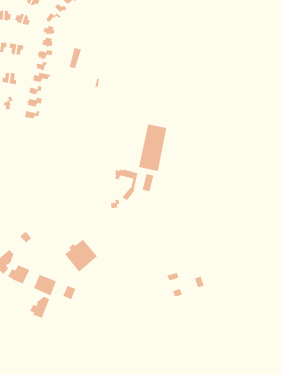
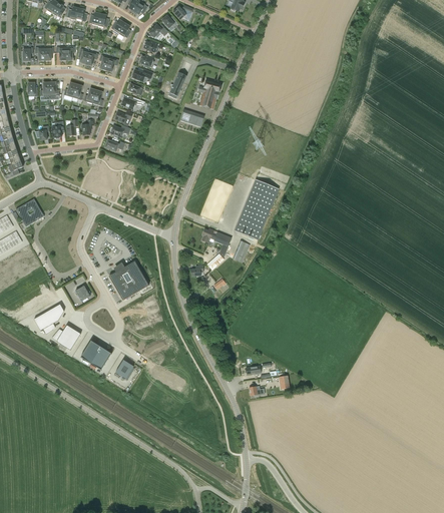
building: none -> [196,80,220,109]
building: [64,239,98,272] -> [108,261,148,301]
building: [29,296,50,318] -> none

